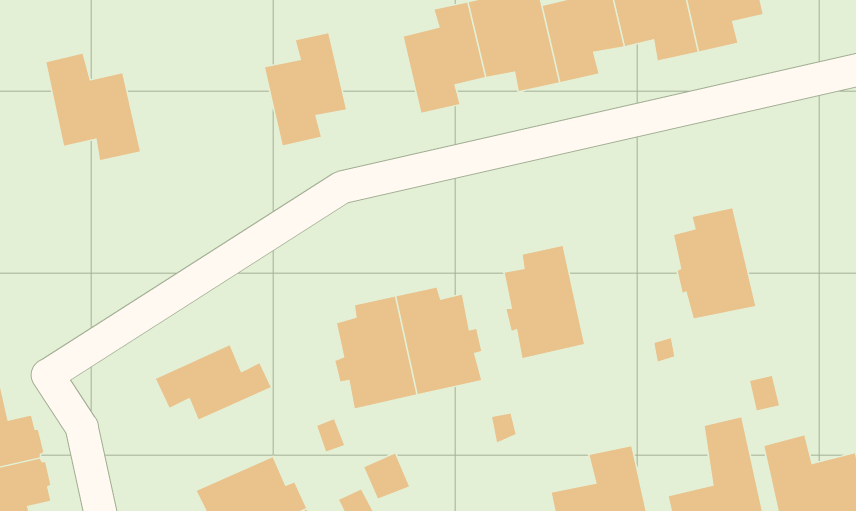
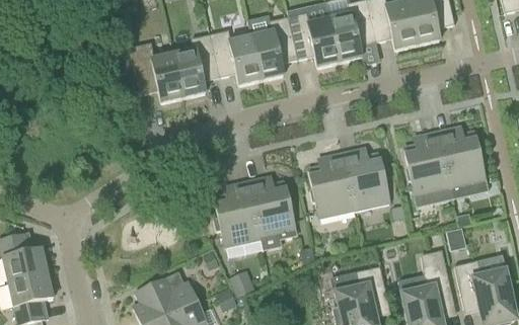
building: none -> [210,30,262,86]
building: [45,53,141,161] -> [130,43,183,103]
building: none -> [437,127,486,188]
building: none -> [342,149,389,210]
building: [155,344,272,421] -> none

